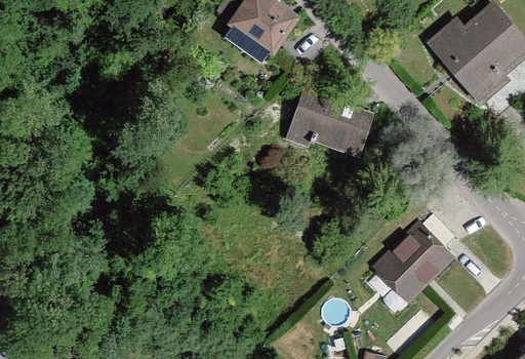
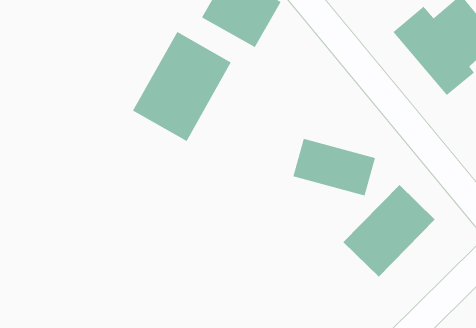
building: none -> [132,31,232,142]
building: [288,93,375,154] -> [292,138,376,196]

